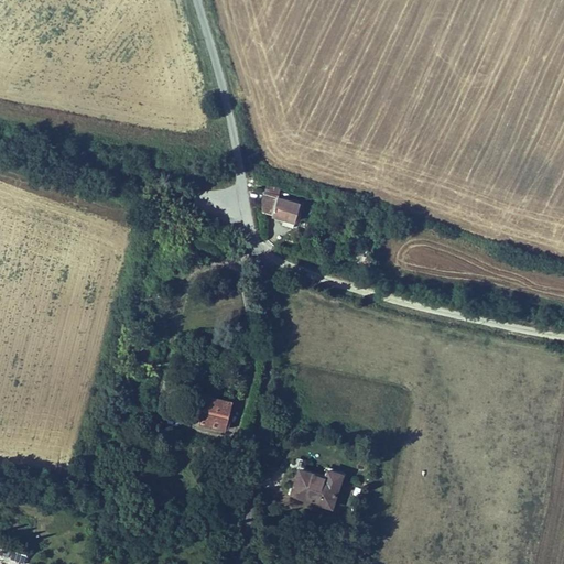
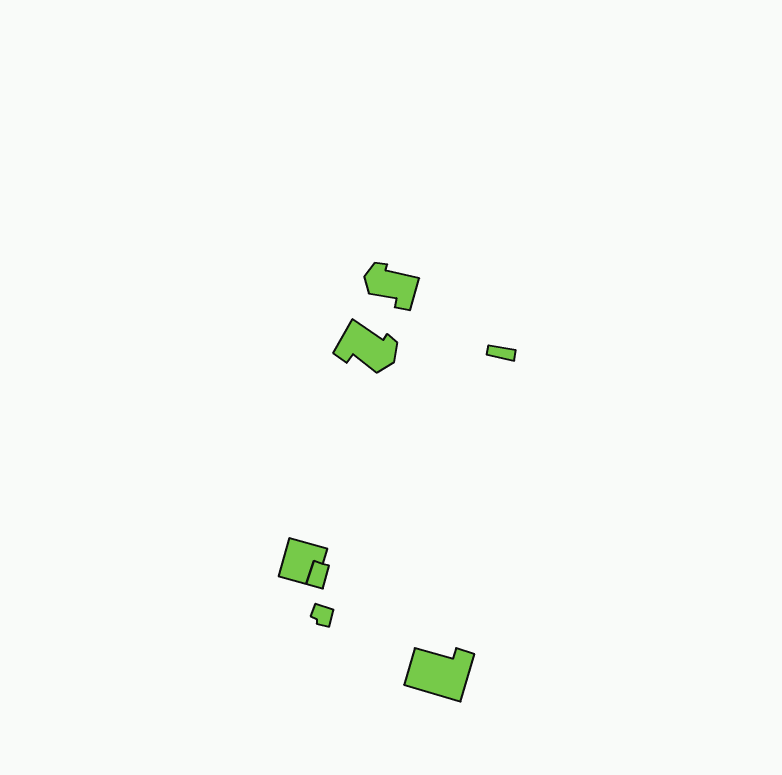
building: none -> [333,319,397,373]

